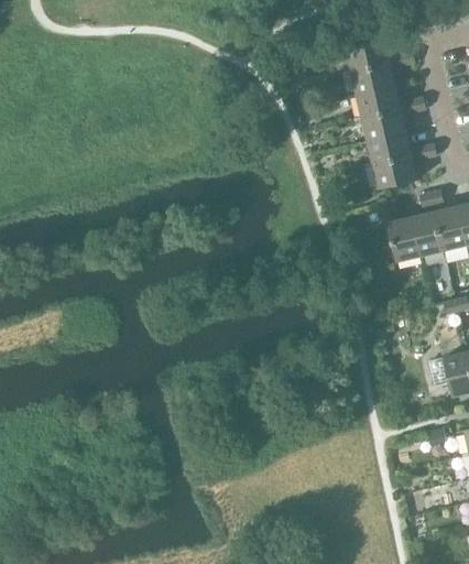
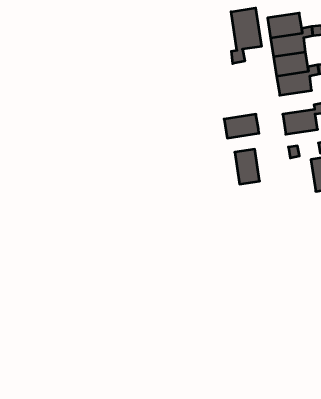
building: none -> [231,8,261,64]
building: [367,132,411,164] -> [224,114,259,138]
building: [386,217,419,261] -> [235,149,260,184]

